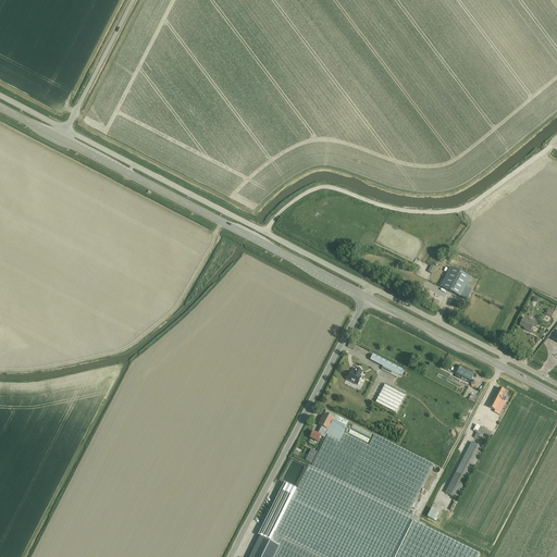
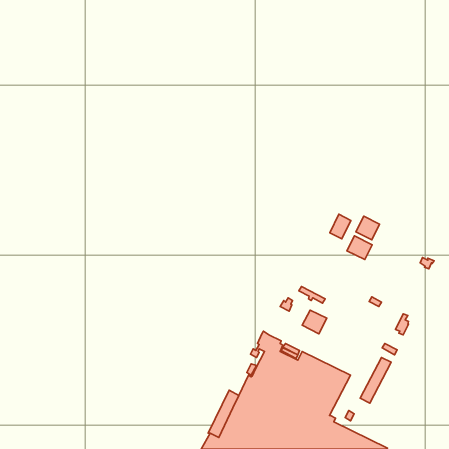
building: none -> [330,214,351,239]
building: none -> [347,236,372,260]

